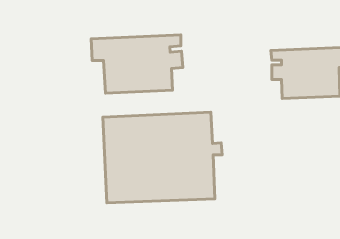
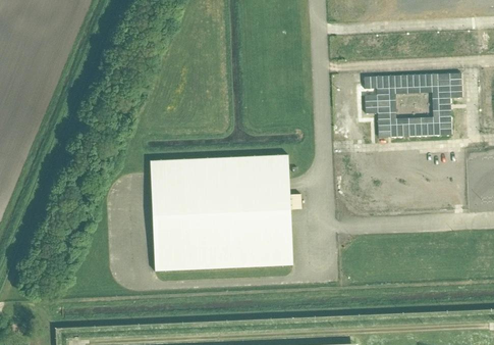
building: [91,35,183,93] -> none

